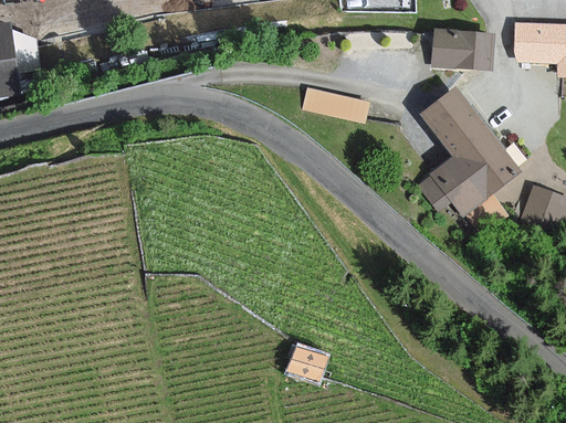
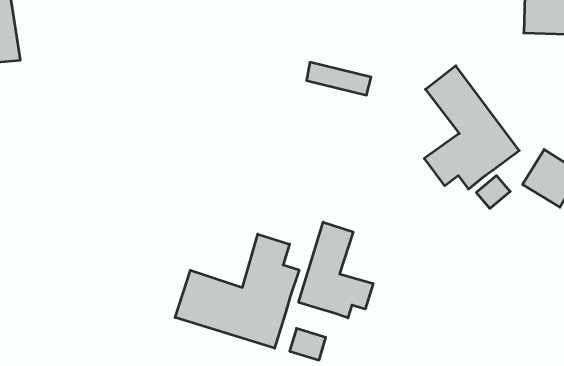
building: [433,33,490,71] -> none
building: none -> [299,222,373,318]
building: none -> [175,234,299,348]

